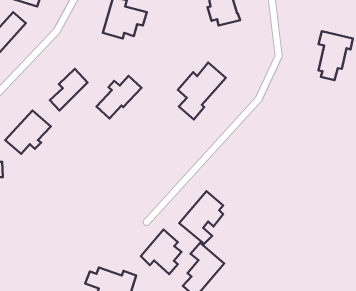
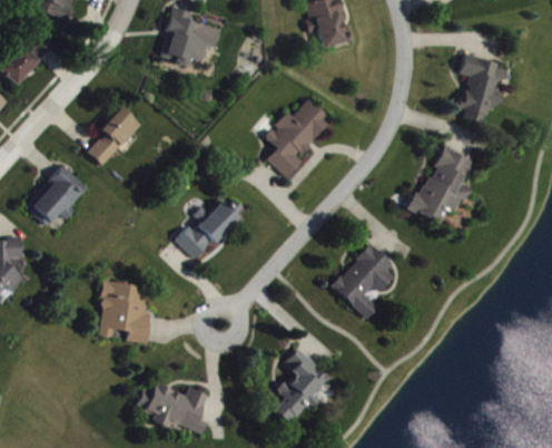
building: [97,76,141,118] -> [177,199,239,259]
building: none -> [412,145,472,224]
building: [179,191,223,244] -> [332,243,393,316]
building: none -> [97,280,150,342]
building: [141,230,181,274] -> none

